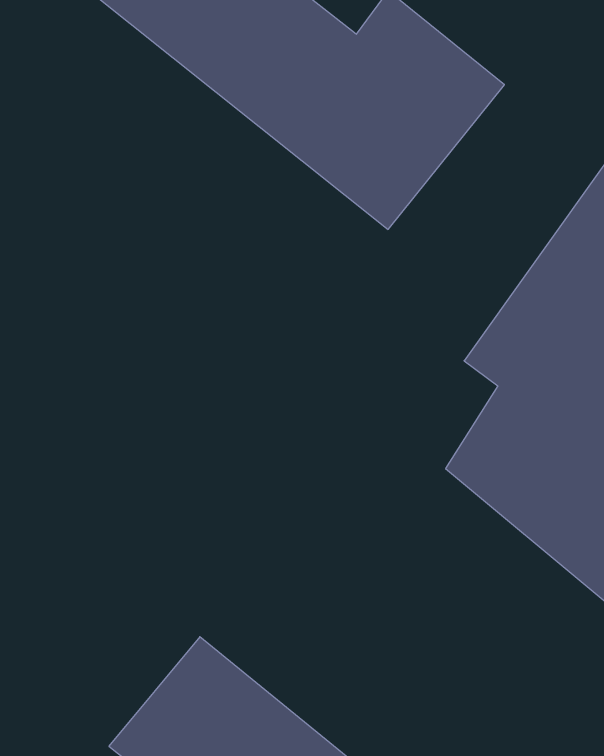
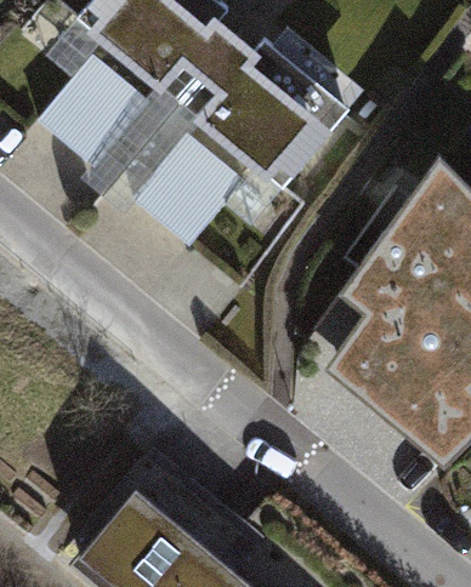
building: none -> [38,58,146,167]
building: none -> [132,133,242,247]

